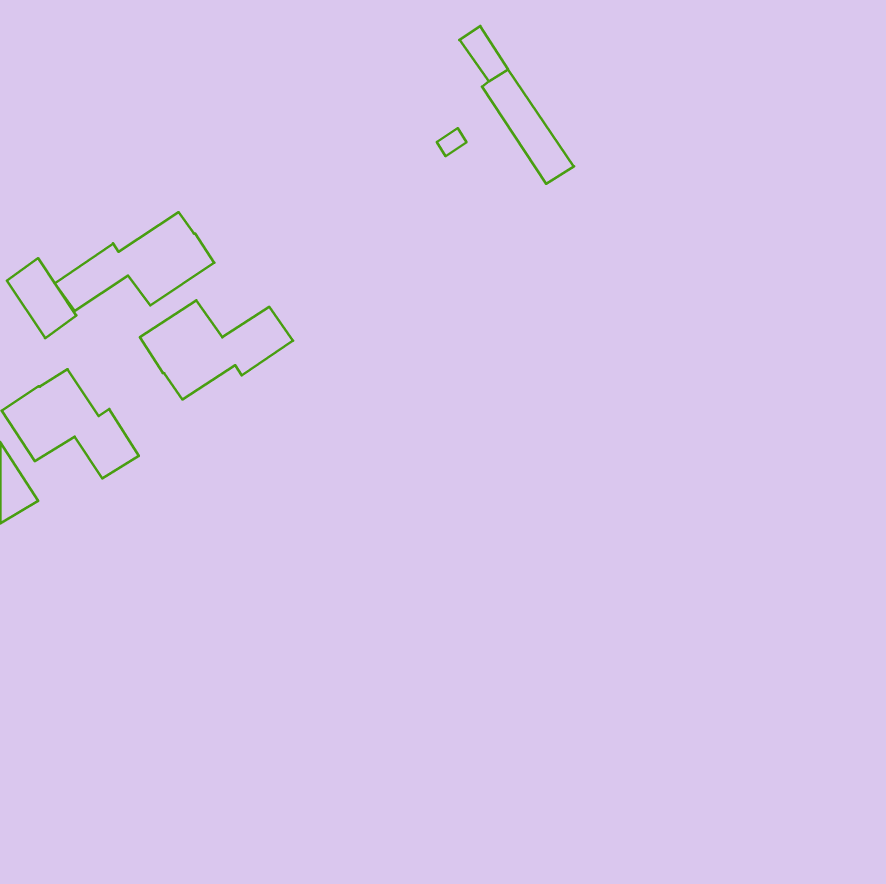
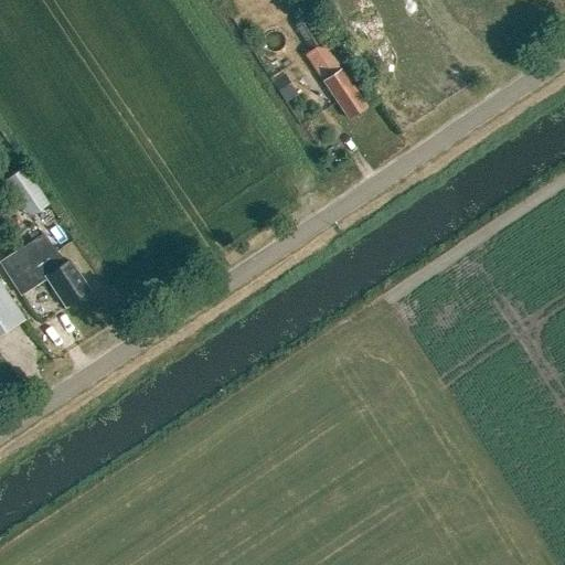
building: [55,212,214,311] -> none
building: [140,300,293,399] -> none

